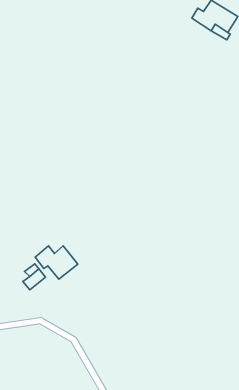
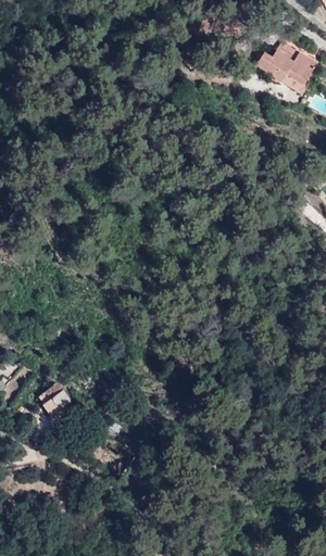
building: [35,246,78,279] -> none

